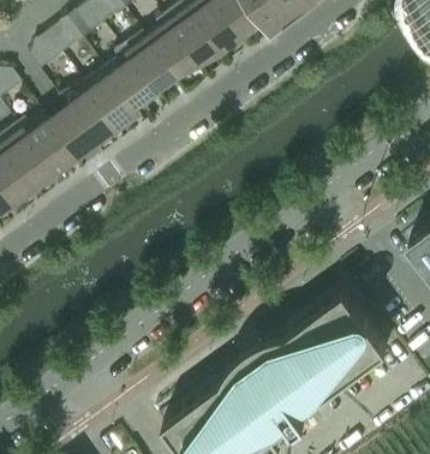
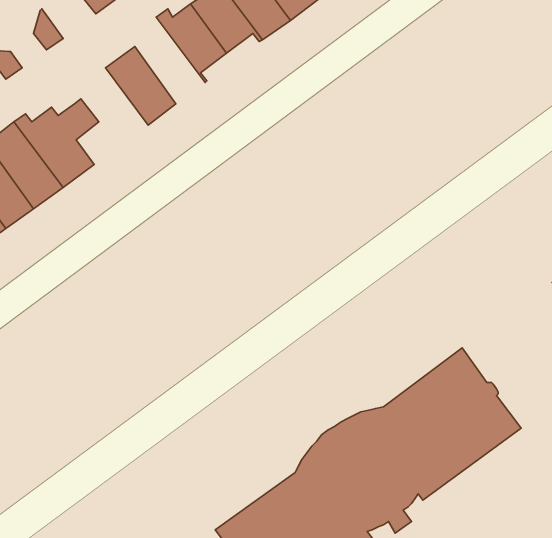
building: [102,56,154,120] -> none
building: [59,94,112,165] -> none

